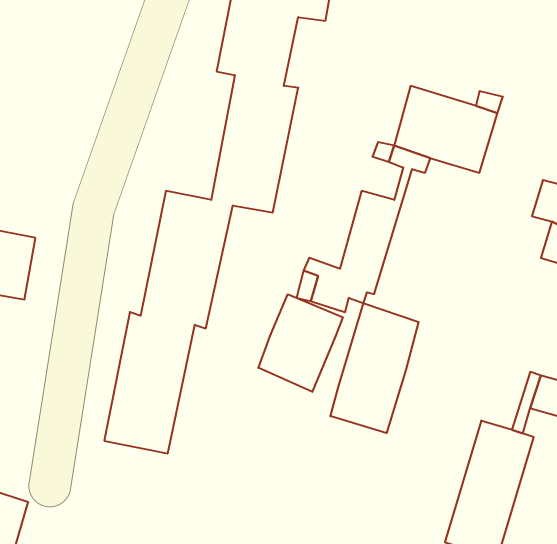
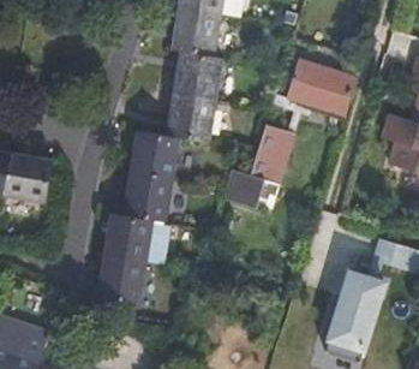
building: [258,294,343,392] -> none
building: [330,303,419,433] -> none

